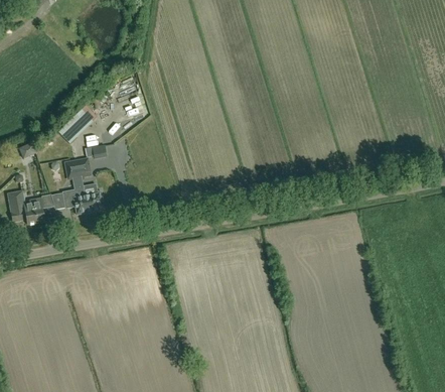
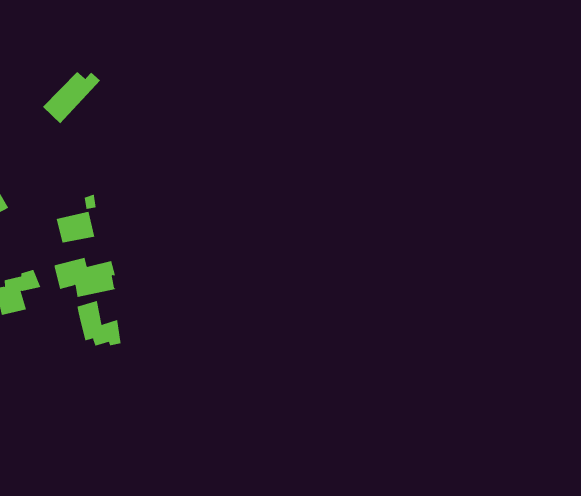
building: [60,110,100,144] -> [42,71,101,124]
building: none -> [77,300,121,346]

